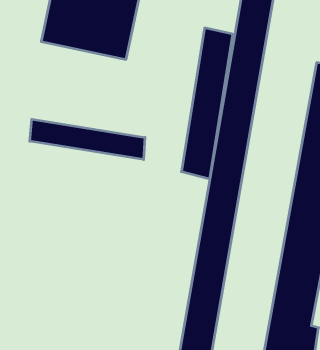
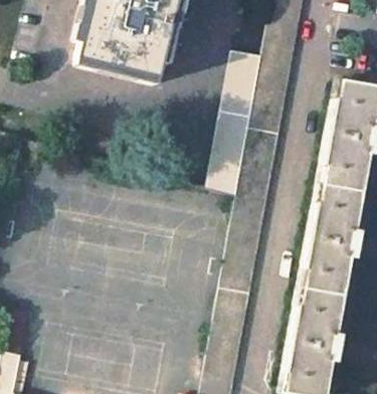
building: [30,119,145,160] -> none

